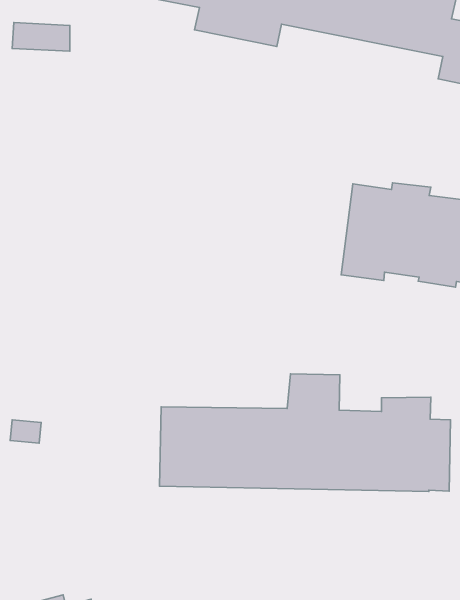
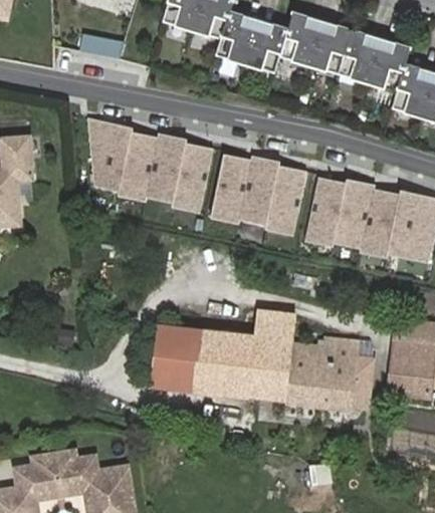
building: none -> [86,117,218,214]
building: none -> [209,156,308,237]

